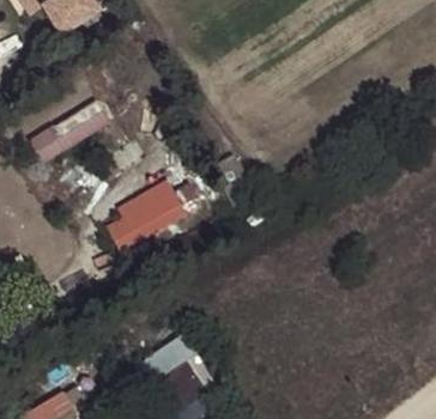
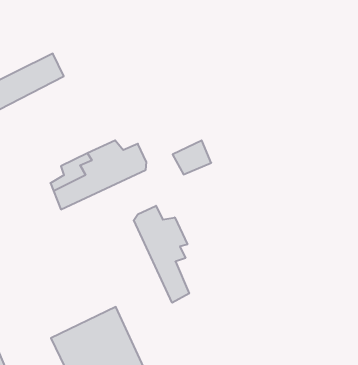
building: none -> [134,206,189,303]

